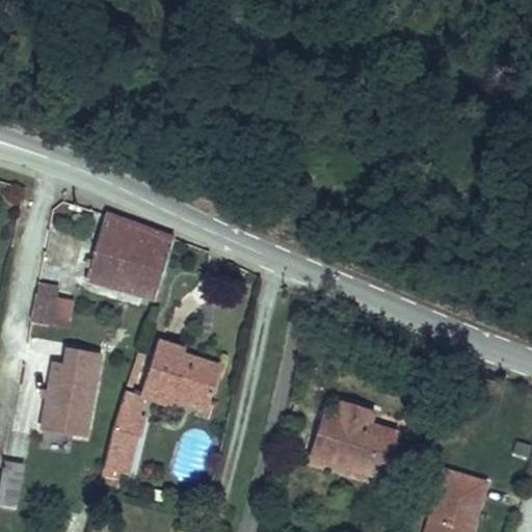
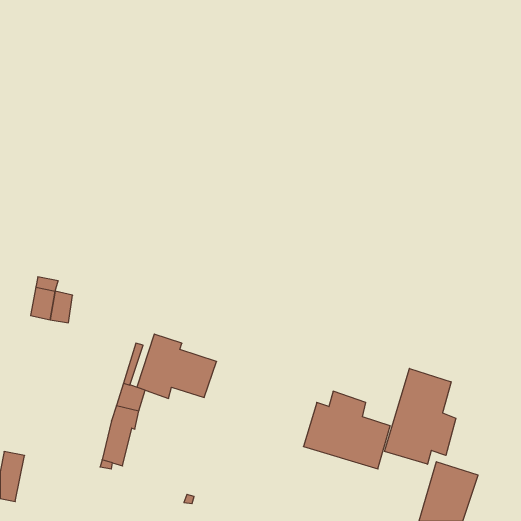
building: [87,213,176,297] -> none
building: [41,349,100,435] -> none
building: none -> [384,368,456,464]

